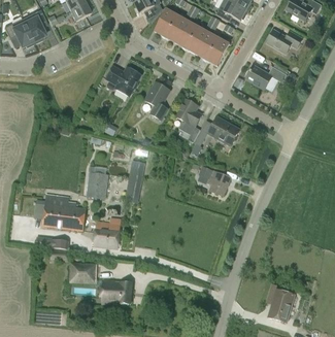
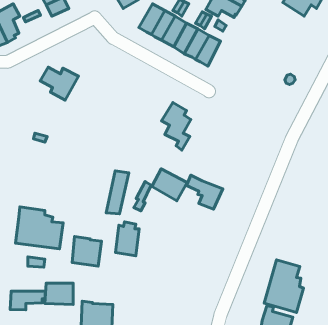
building: [267,29,302,54] -> none
building: [245,65,287,89] -> none
building: [106,66,141,96] -> [40,67,79,100]
building: [145,81,170,120] -> none
building: [192,116,240,155] -> [134,169,187,211]
building: [87,168,108,199] -> [116,222,139,256]
building: none -> [264,260,303,313]
building: none -> [10,291,46,310]

